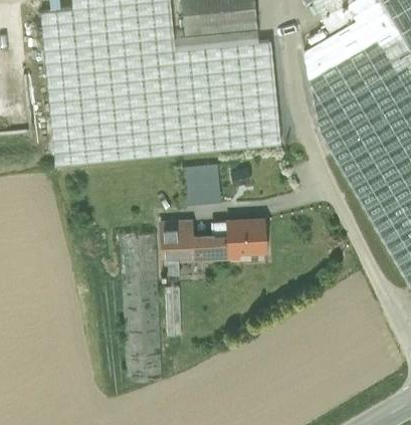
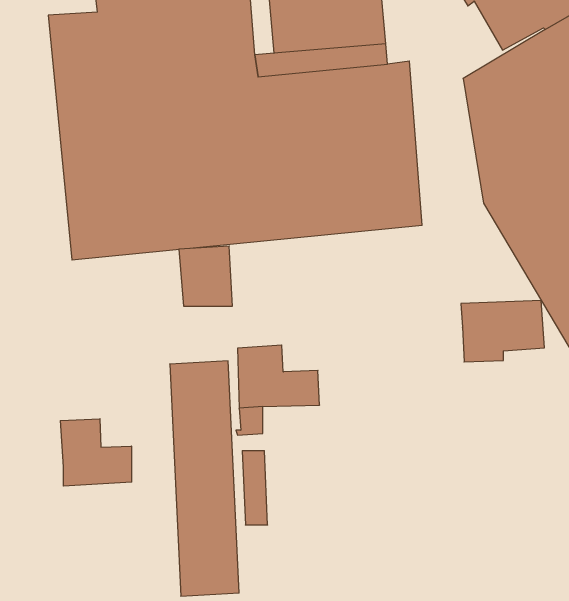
building: [180,167,214,205] -> [179,246,232,306]
building: [212,220,265,259] -> [461,300,544,362]
building: none -> [60,419,132,486]

